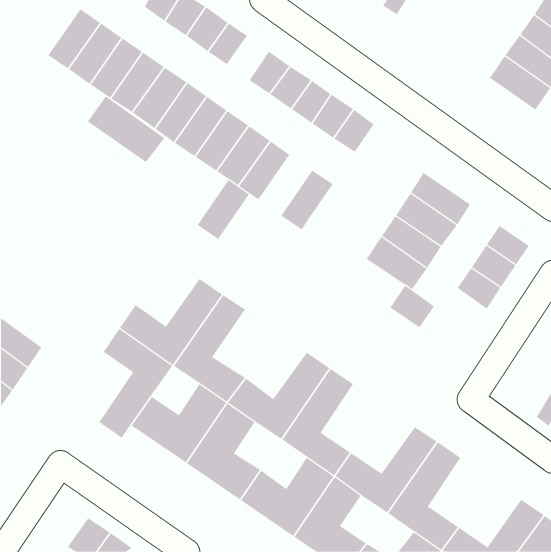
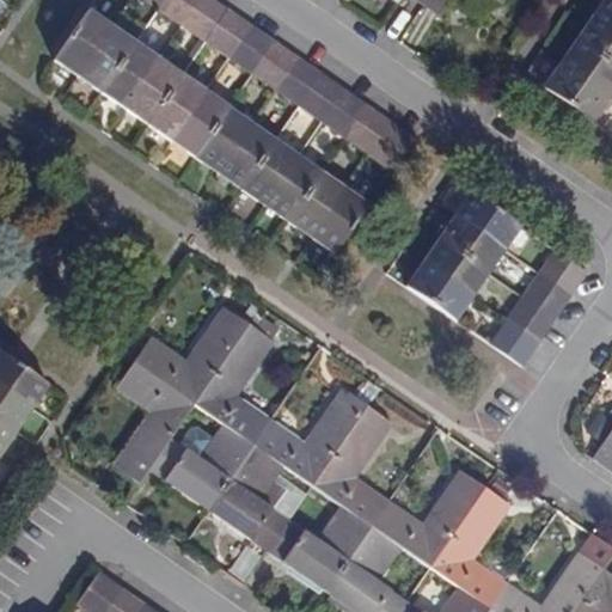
building: none -> [253,39,299,88]
building: [87,95,165,163] -> none
building: [197,179,250,240] -> [288,171,347,238]
building: [390,285,435,328] -> [490,318,540,366]

